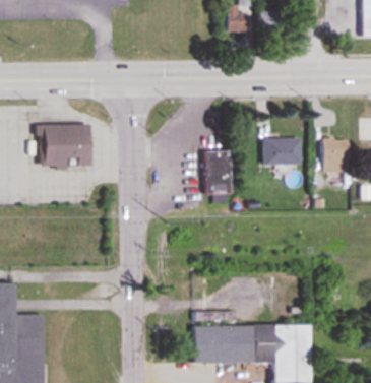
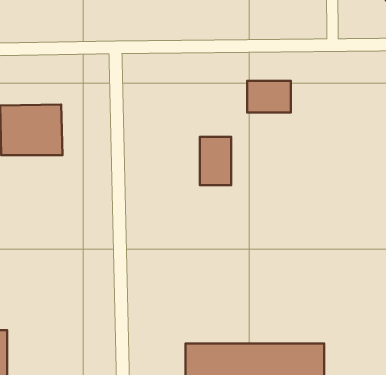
building: [263,138,300,165] -> [247,81,291,112]
building: [322,139,349,172] -> none

